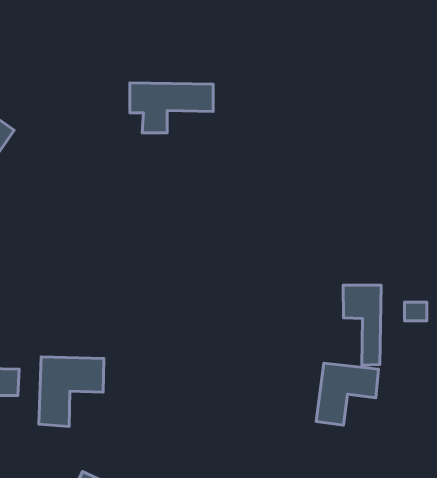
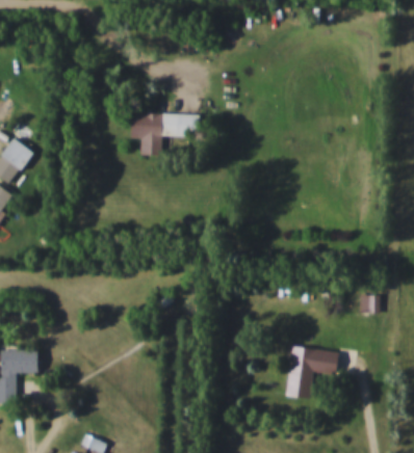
building: [343,285,381,365] -> none
building: [39,357,104,426] -> none

